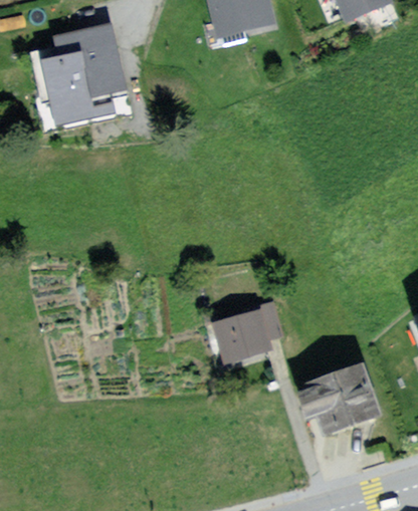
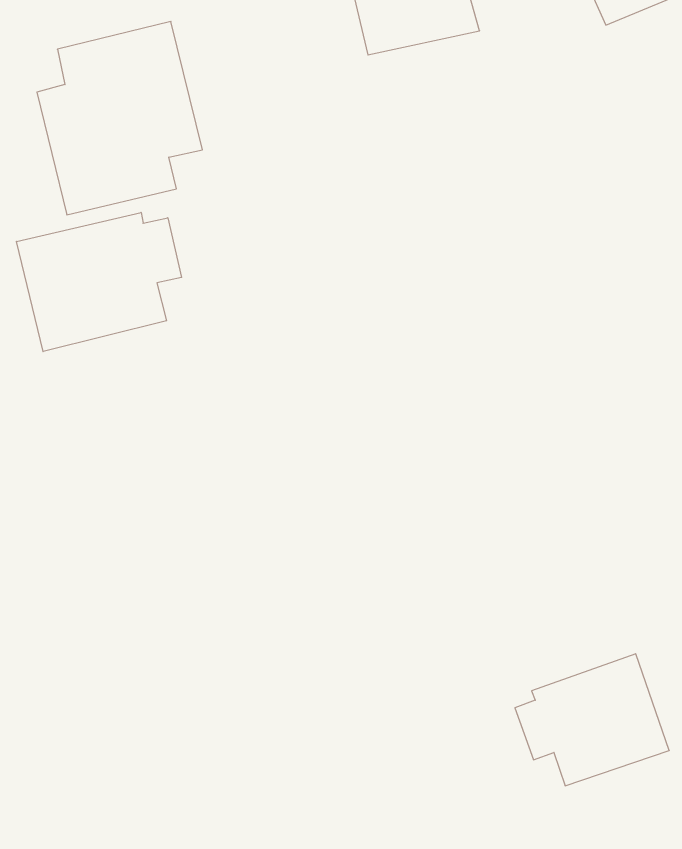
building: none -> [16,212,182,352]
building: [212,301,283,365] -> none

